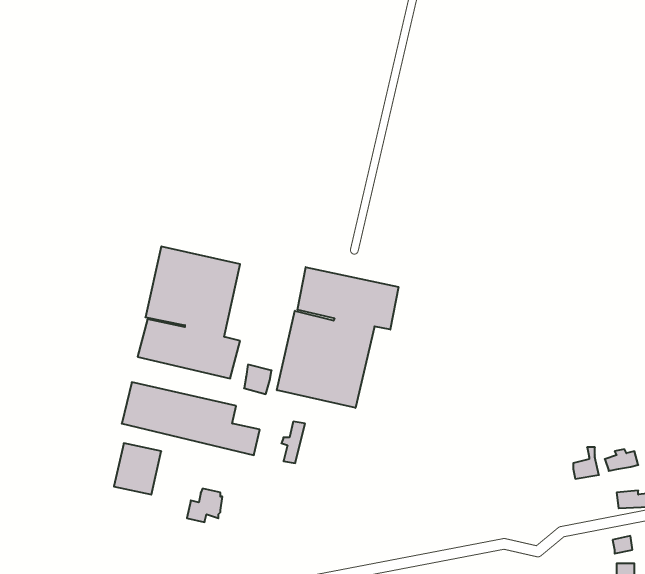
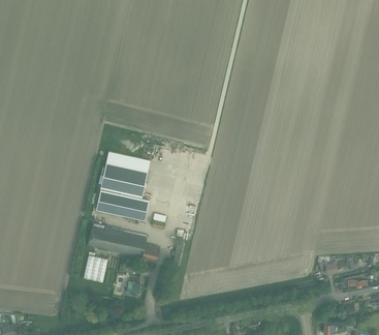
building: [277,267,398,408] -> none

